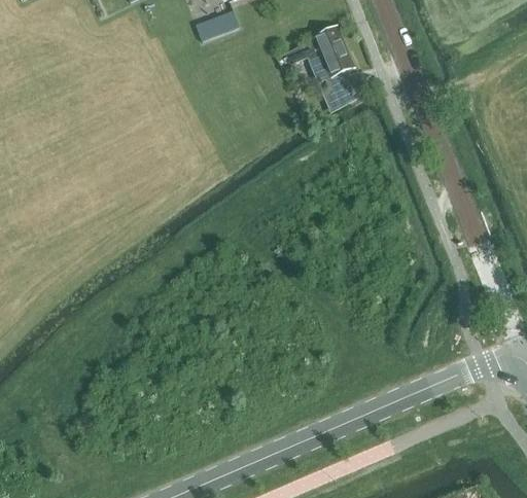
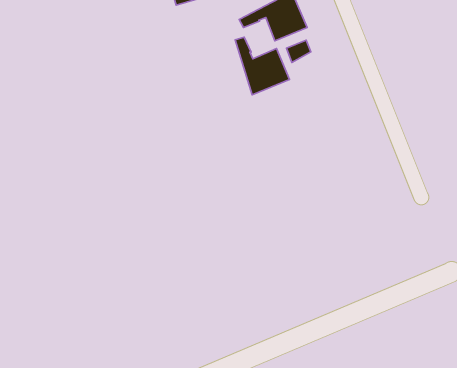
building: none -> [235,37,290,95]

